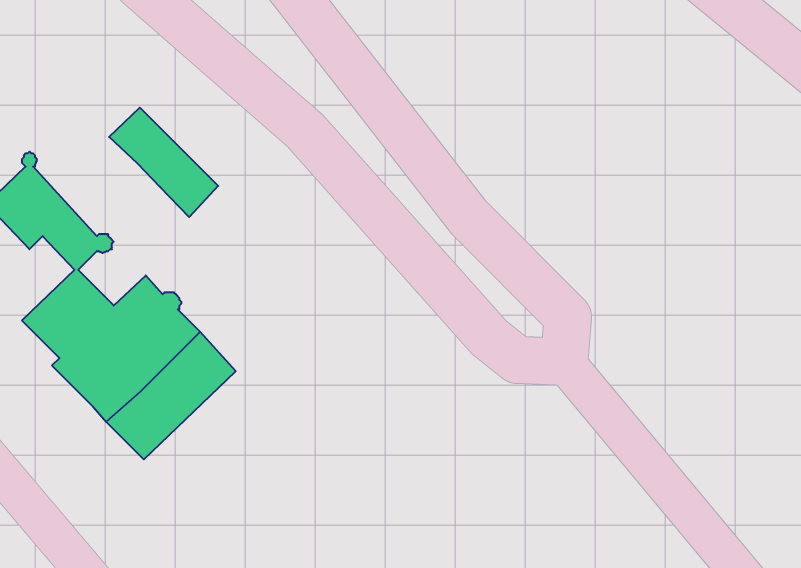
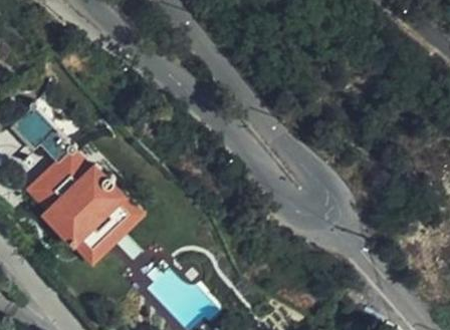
building: [109,108,218,217] -> none

